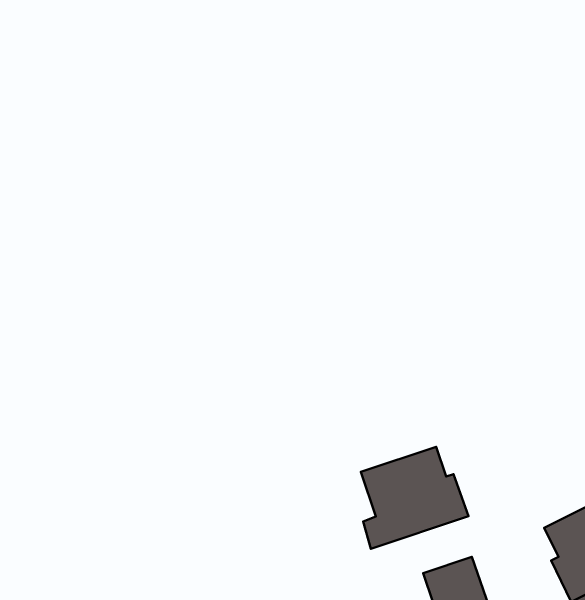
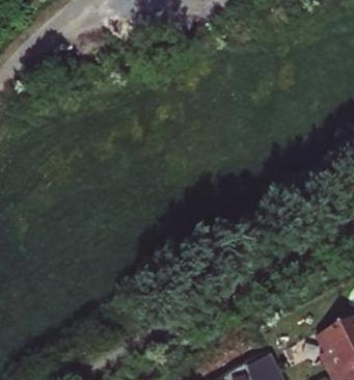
building: [361,447,469,549] -> none

